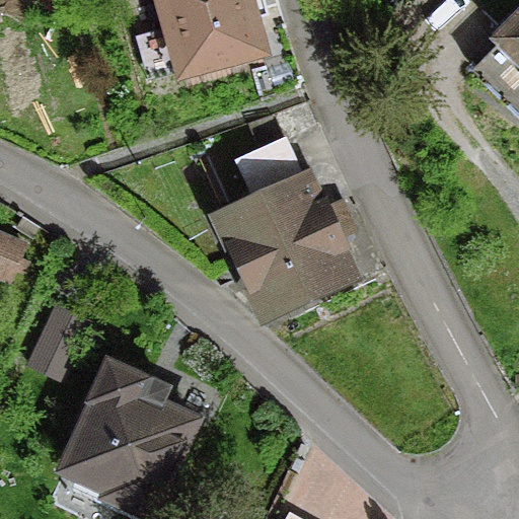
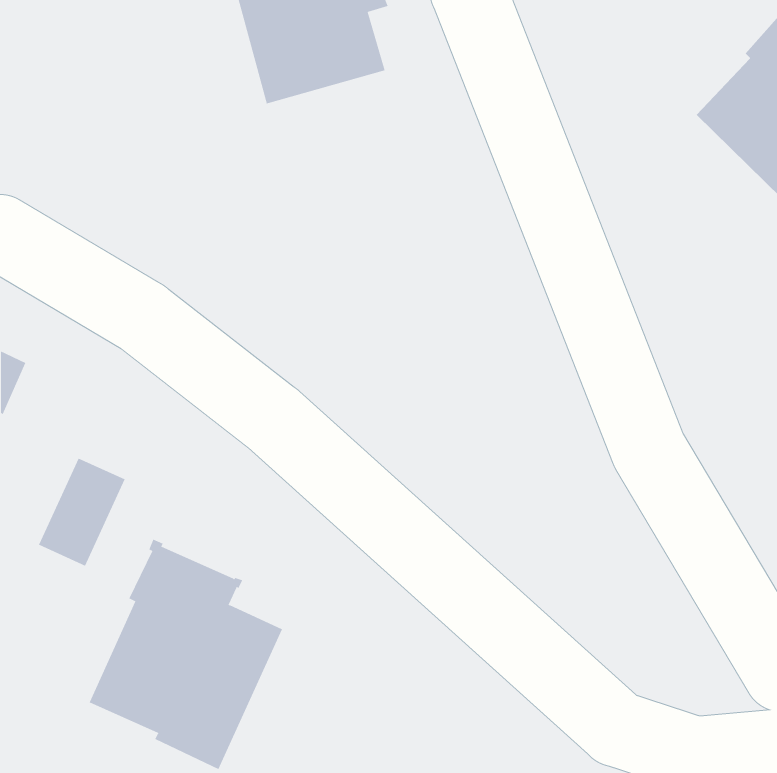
building: [219,136,349,312] -> none

